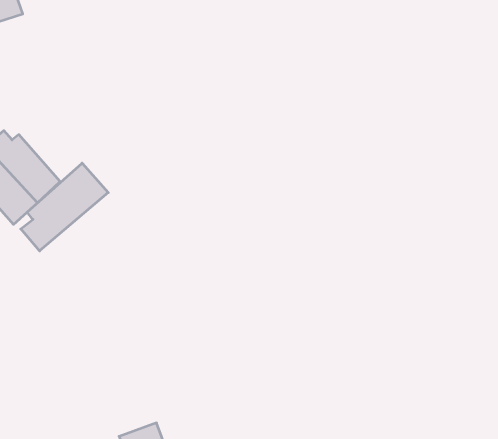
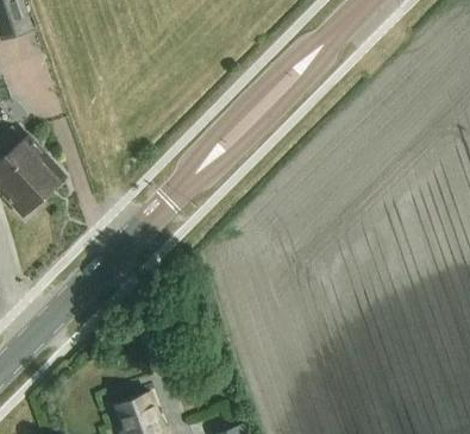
building: [21,163,108,251] -> none

